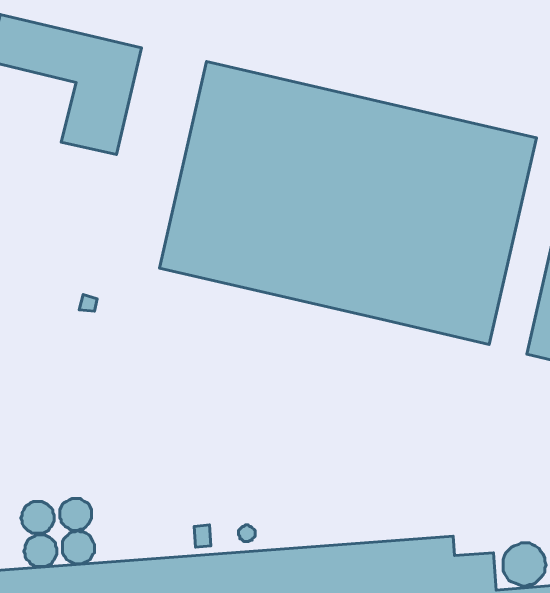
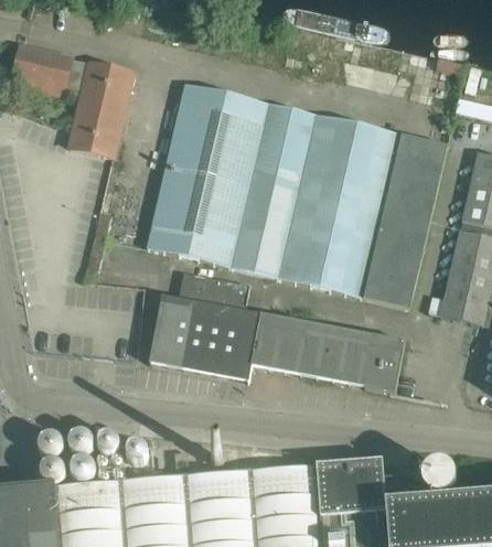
building: none -> [148,271,404,393]

